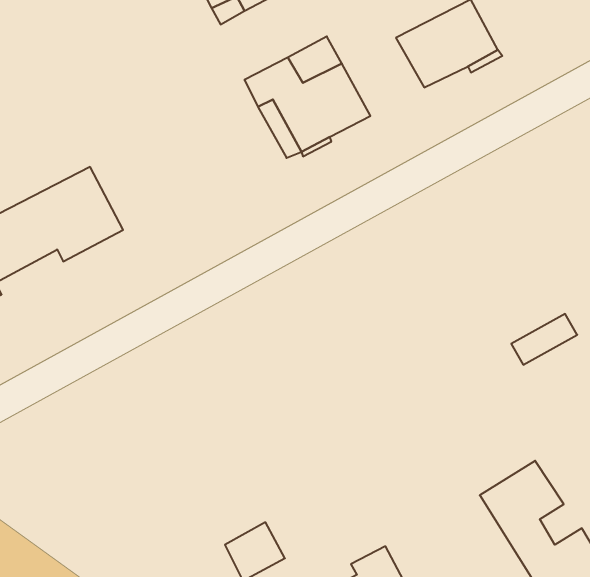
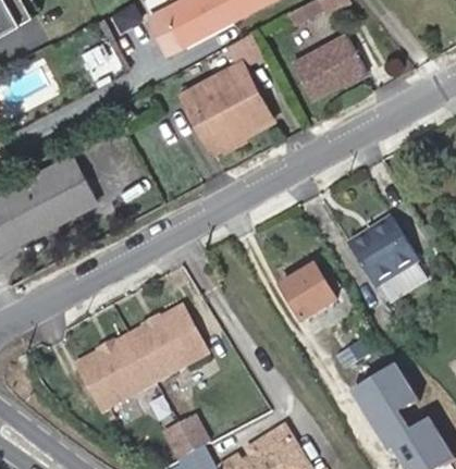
building: none -> [347,211,415,280]
building: none -> [282,266,336,321]
building: none -> [74,308,206,414]

